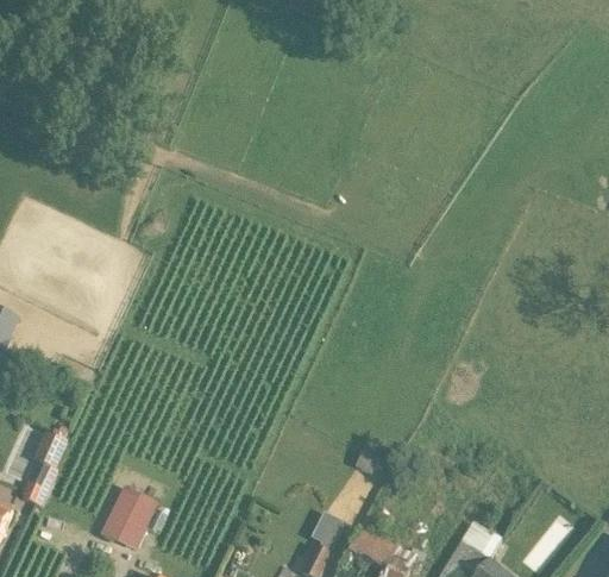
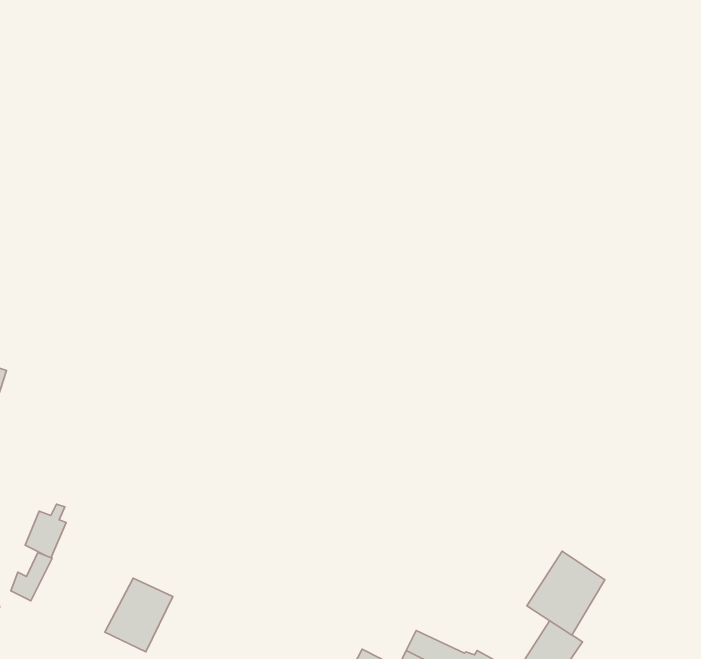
building: none -> [527,551,605,635]
building: [310,510,345,548] -> none

